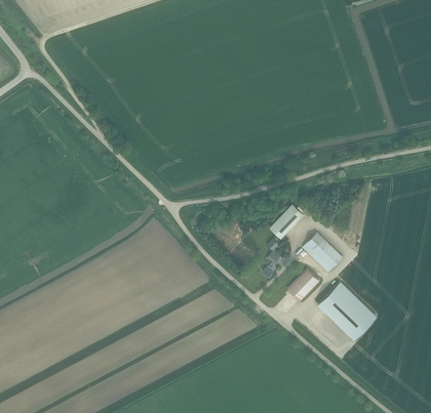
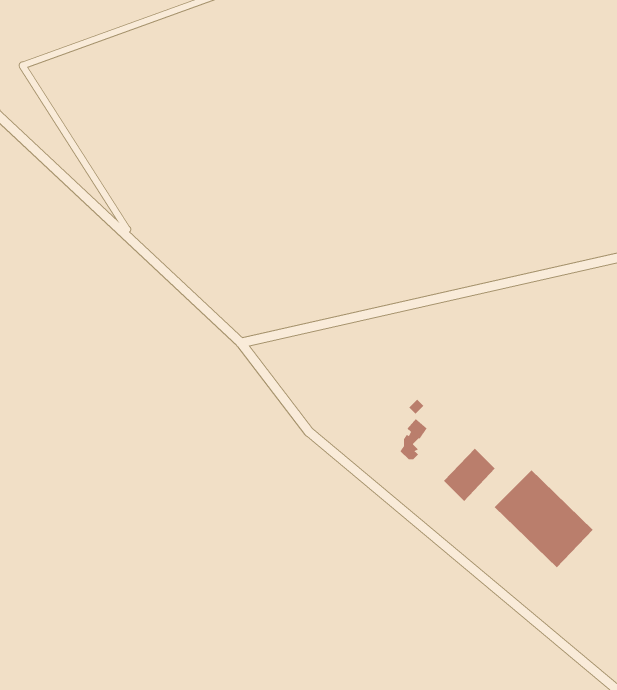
building: [269,204,303,237] -> none
building: [301,232,342,272] -> none

